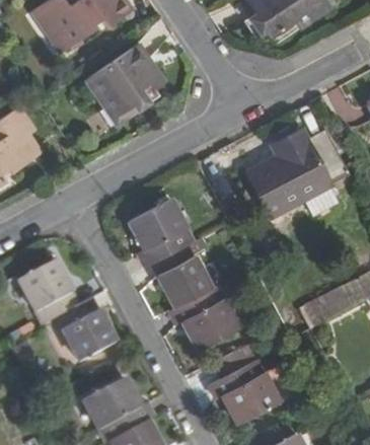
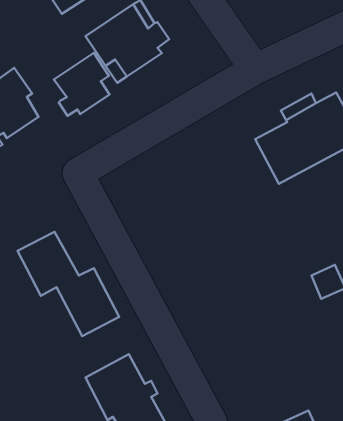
building: none -> [54,53,109,116]
building: [131,198,239,347] -> none
building: [202,346,290,426] -> none

